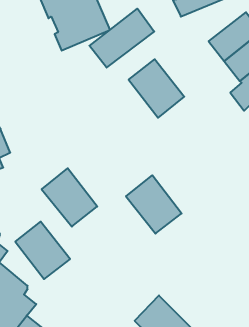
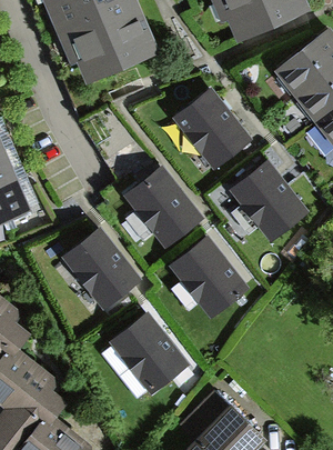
building: [89,9,154,68] -> none
building: none -> [235,163,305,237]
building: none -> [130,169,200,242]
building: [15,222,70,279] -> [115,316,185,389]

